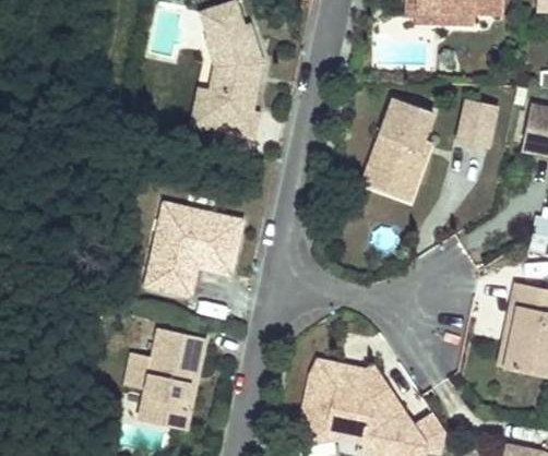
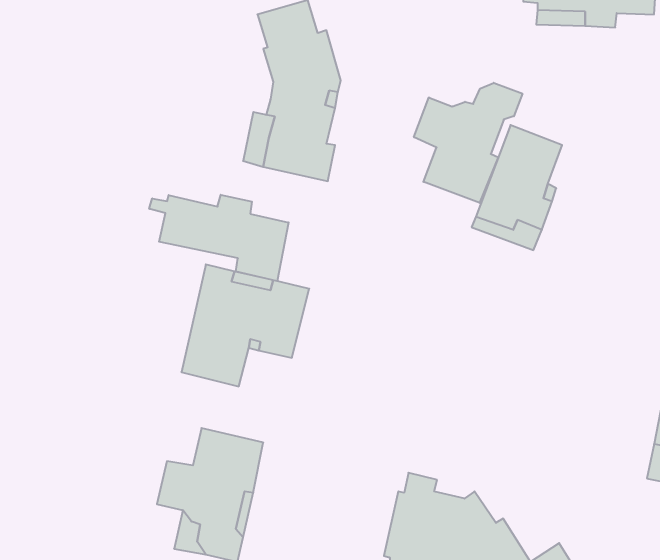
building: none -> [414,83,522,203]
building: [458,100,497,144] -> none
building: none -> [149,195,289,281]

